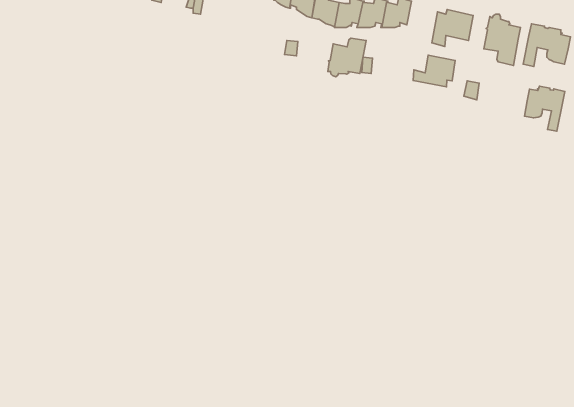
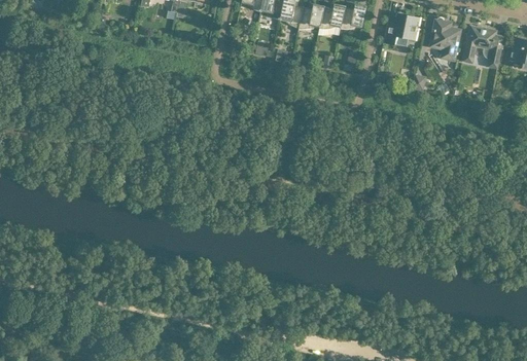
building: [328,38,366,77] -> none
building: [413,55,455,87] -> none
building: [524,86,565,131] -> none

